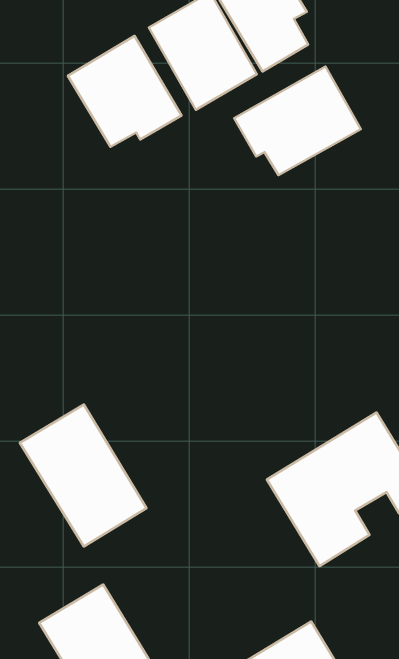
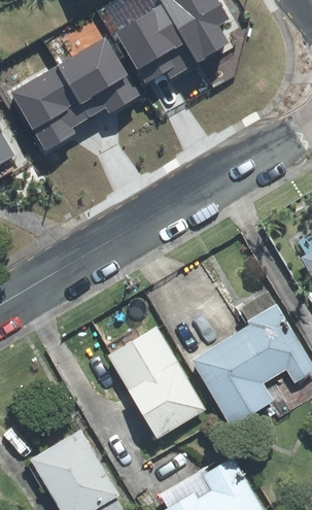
building: [234,66,361,175] -> none
building: none -> [10,65,85,148]
building: [20,404,147,547] -> [110,334,202,437]

